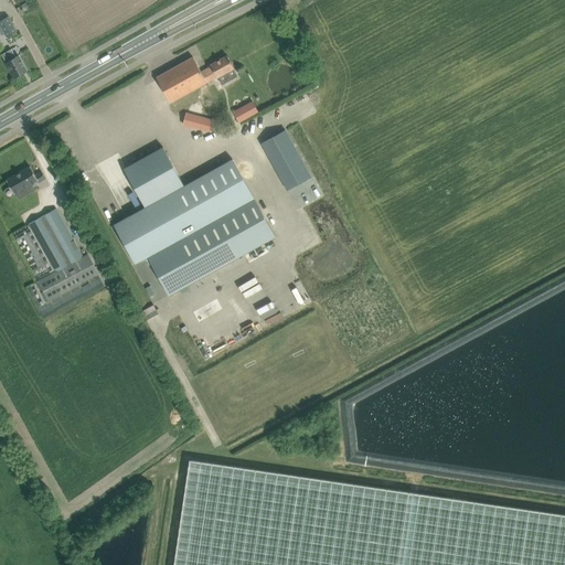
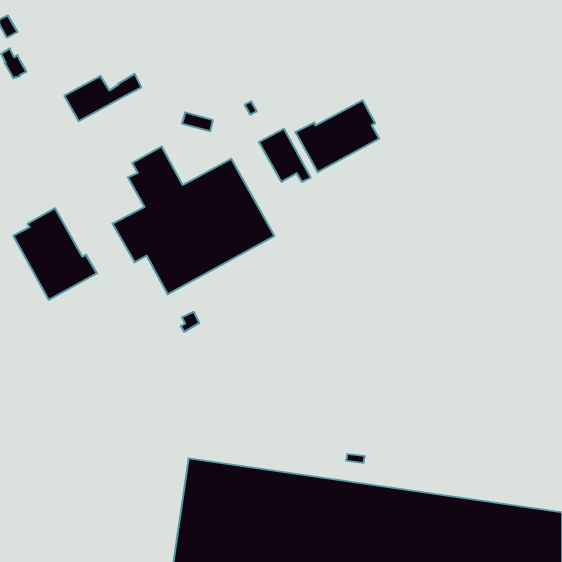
building: [156,56,233,104] -> [64,74,141,121]
building: none -> [295,100,379,172]
building: [6,168,44,195] -> none

